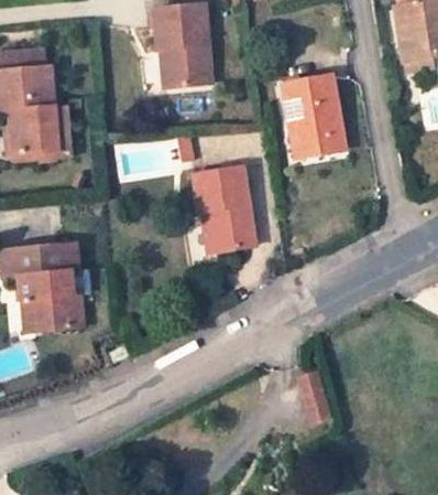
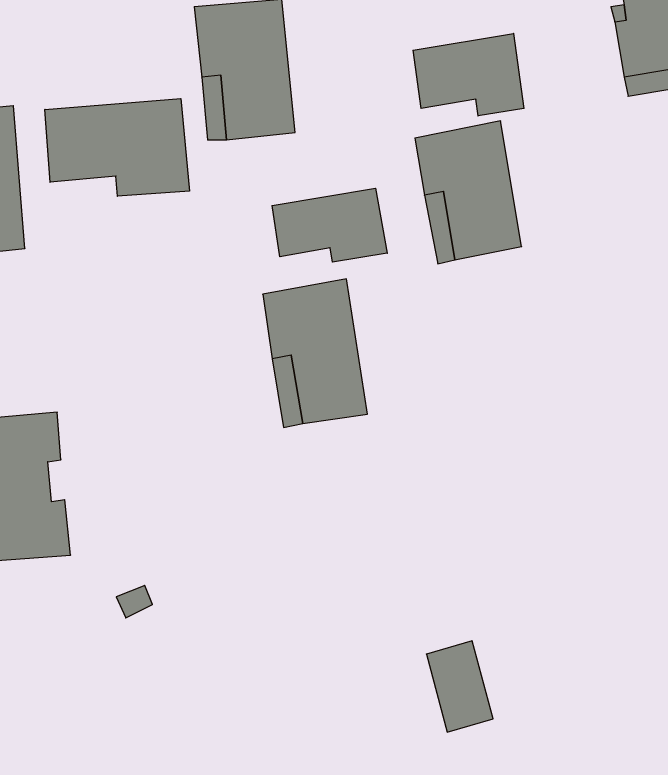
building: none -> [413,33,524,116]
building: none -> [45,99,189,196]
building: none -> [272,188,387,262]

